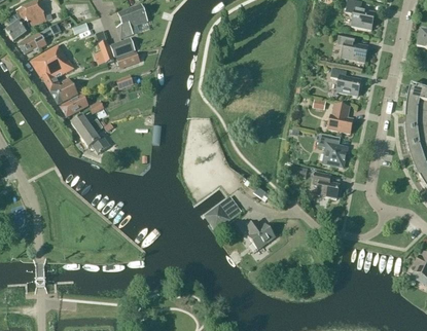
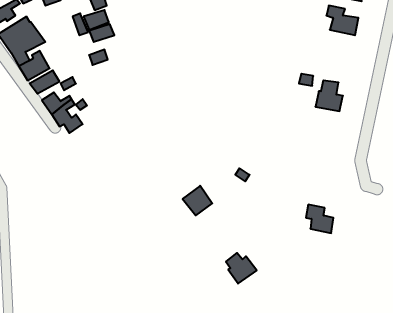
building: [330,67,360,95] -> none
building: [317,133,347,167] -> none
building: [313,172,339,198] -> [306,205,333,233]
building: [246,220,275,249] -> [226,253,257,284]

